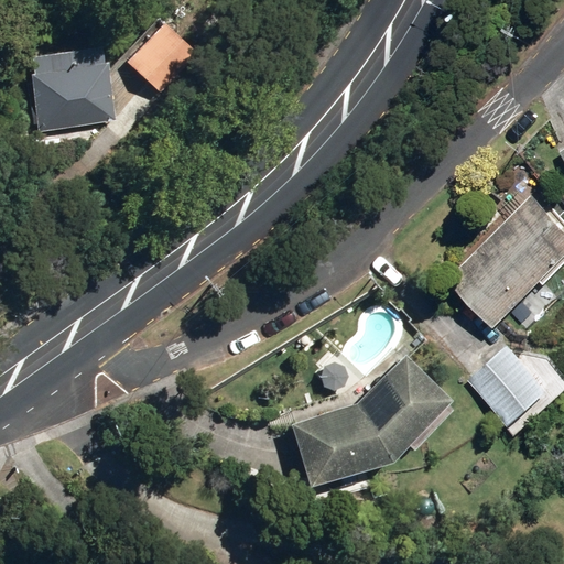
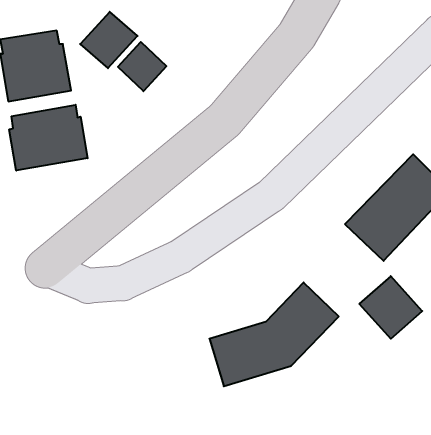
building: none -> [118,42,166,91]
building: none -> [9,105,88,171]

